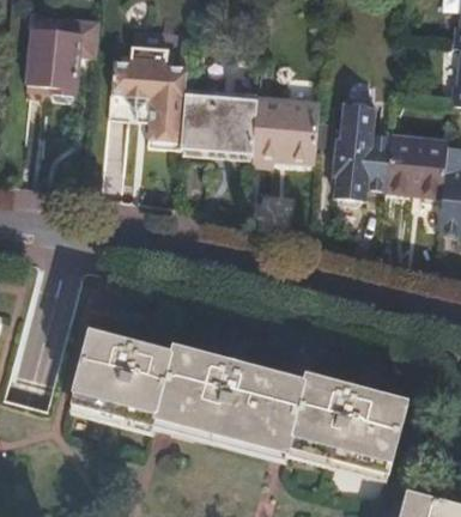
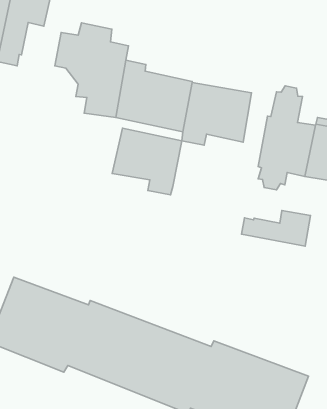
building: none -> [112,128,182,195]
building: none -> [242,211,311,246]

